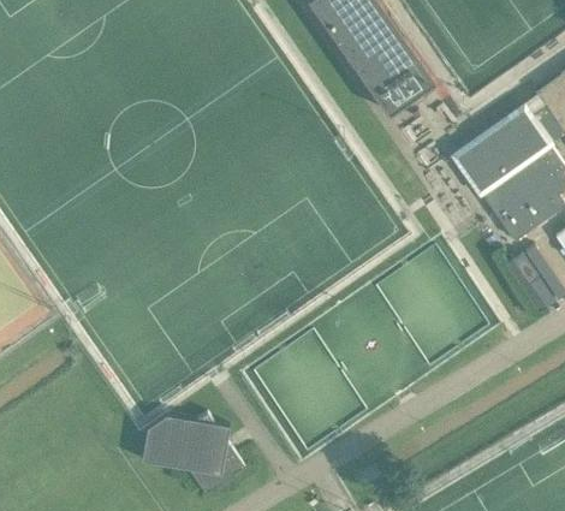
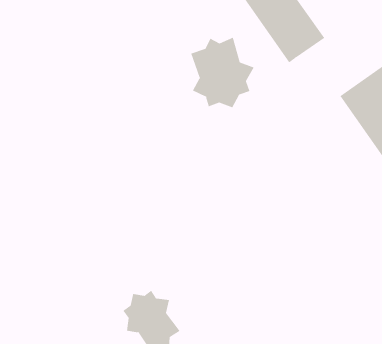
building: none -> [191,37,254,108]
building: [137,417,179,468] -> none

